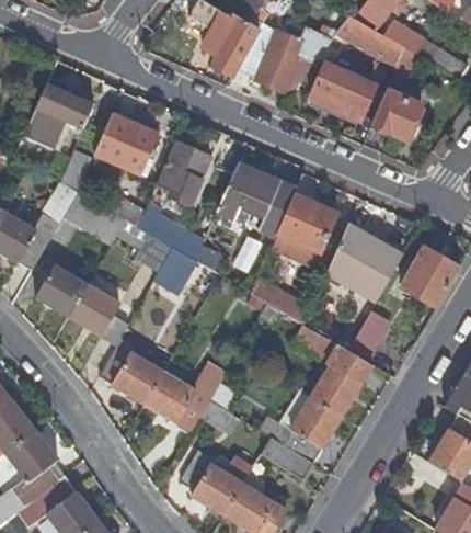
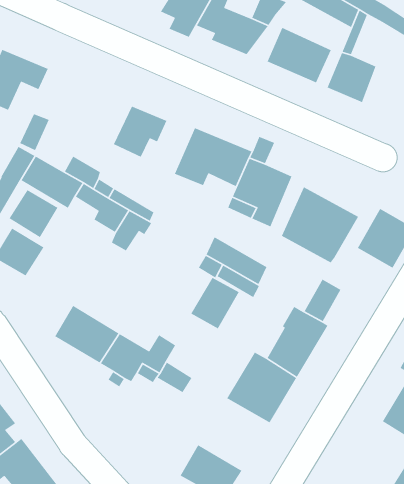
building: [94,113,157,173] -> none
building: [69,285,119,334] -> [9,189,59,238]
building: none -> [190,277,240,330]
building: [260,438,314,481] -> none
building: [181,452,253,515] -> none

